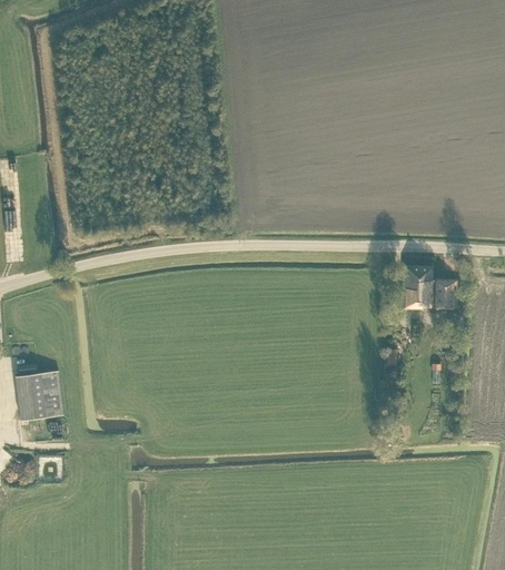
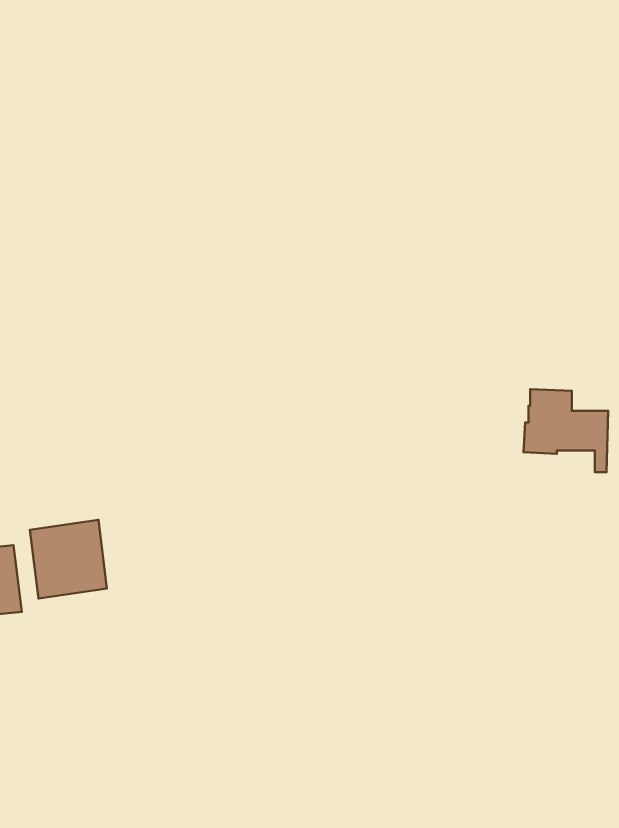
building: none -> [30,520,107,598]

